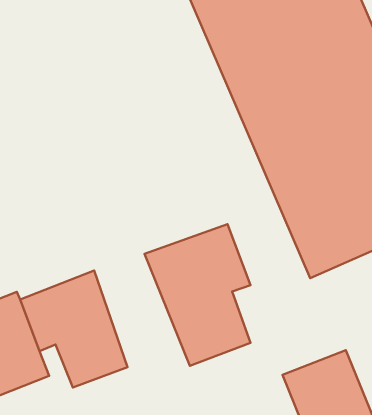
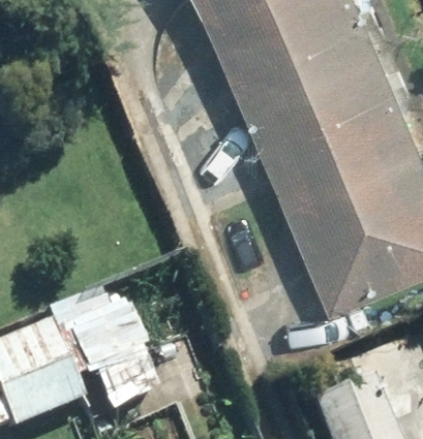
building: [145,224,250,366] -> none

